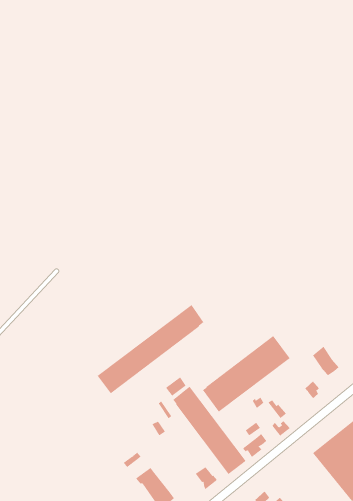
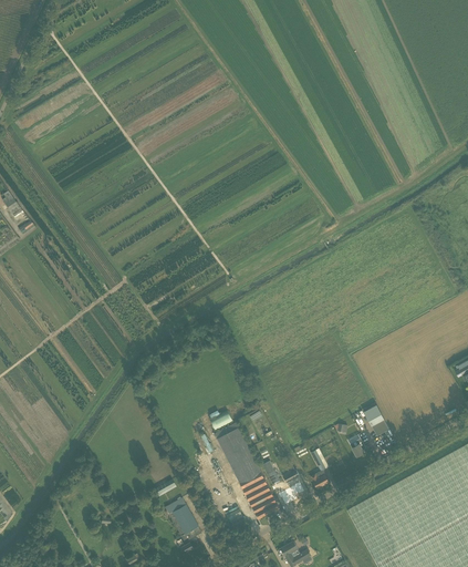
building: [97,304,204,394] -> none
building: [202,335,291,413] -> none

